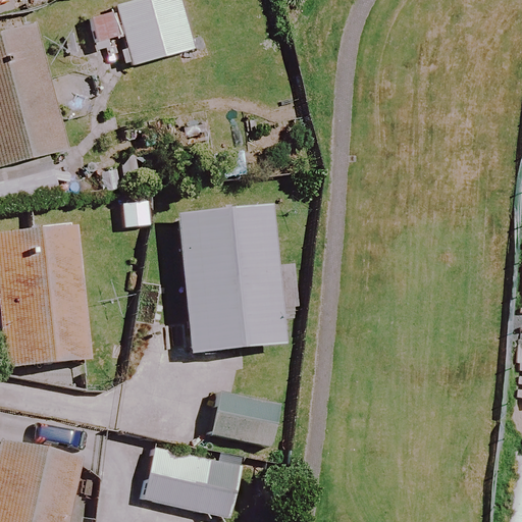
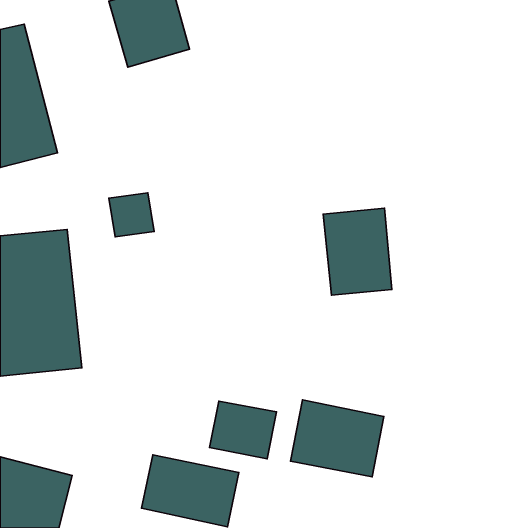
building: none -> [323,208,392,295]
building: [175,204,303,353] -> none
building: none -> [290,400,384,477]

